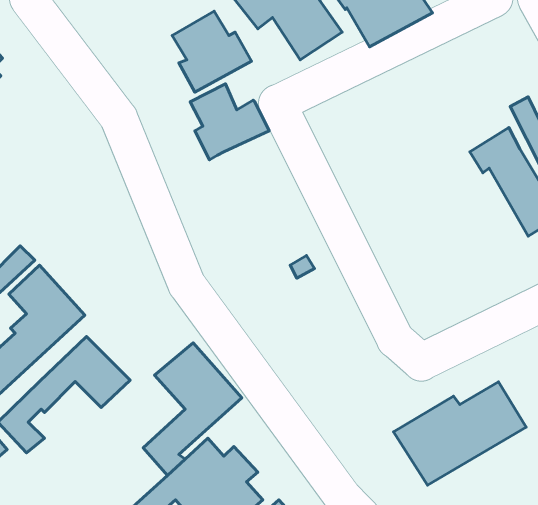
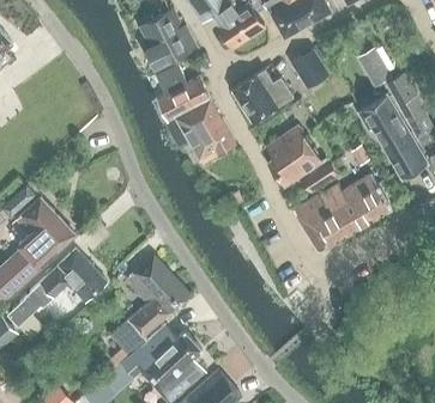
building: none -> [356,47,391,87]
building: none -> [290,49,330,88]
building: none -> [231,69,292,123]
building: none -> [164,99,235,157]
building: none -> [266,127,337,193]
building: [394,382,526,485] -> [292,175,391,251]

